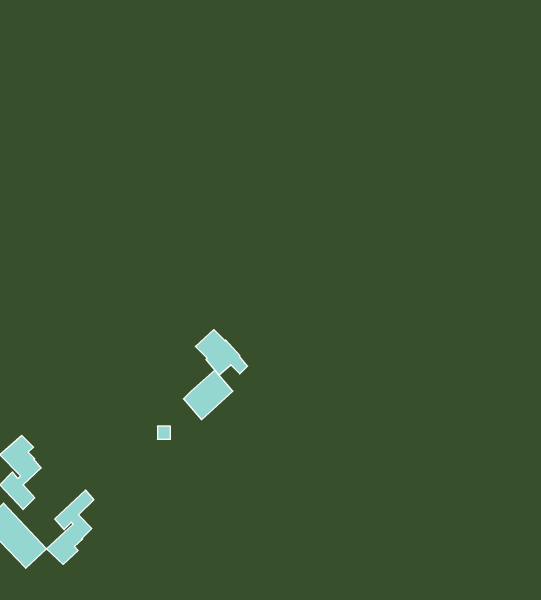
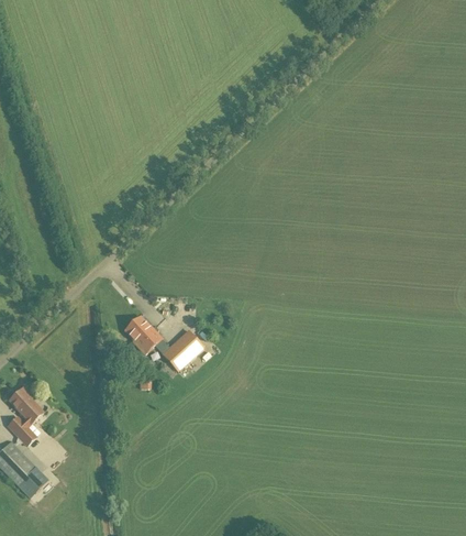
building: [195,330,248,375] -> [124,315,168,353]
building: [47,490,94,564] -> none

